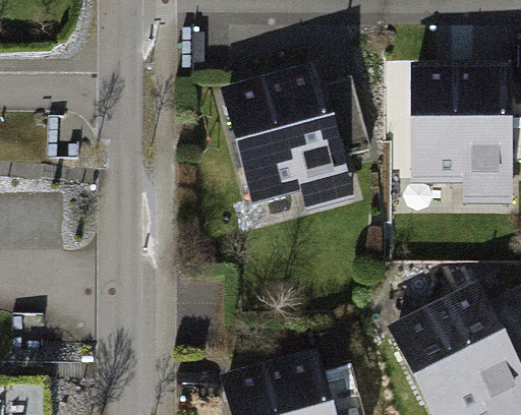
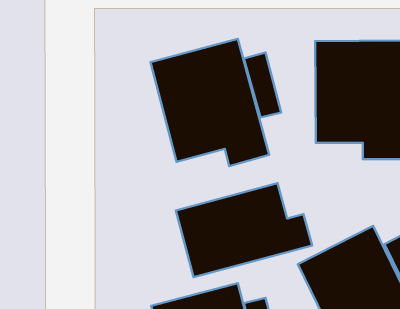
building: none -> [176,183,312,277]

